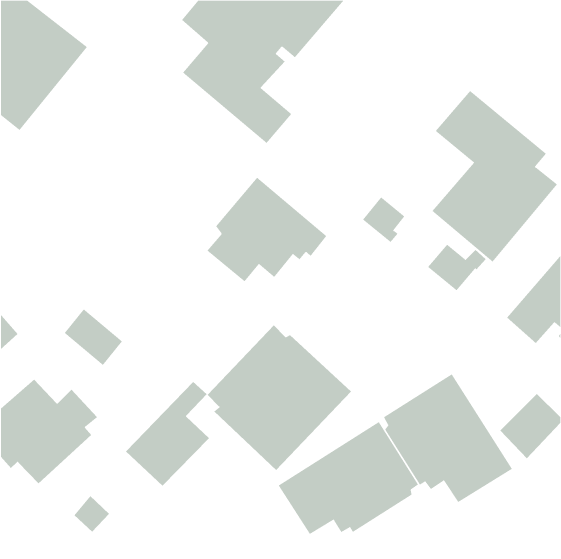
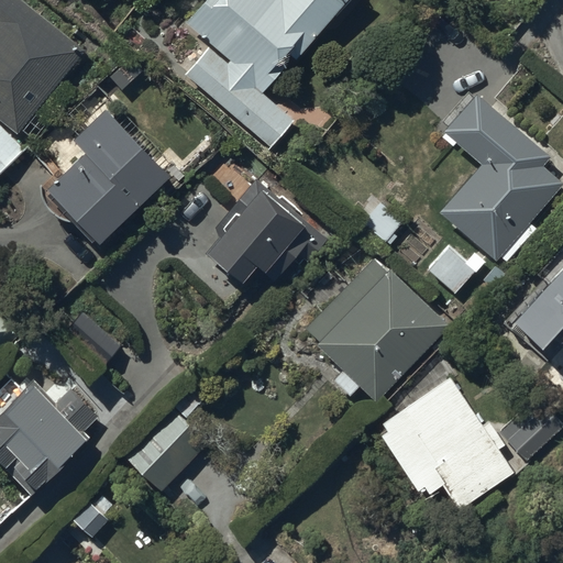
building: none -> [48,106,174,243]
building: [207,325,352,471] -> [309,258,454,405]
building: [278,421,419,535] -> none

